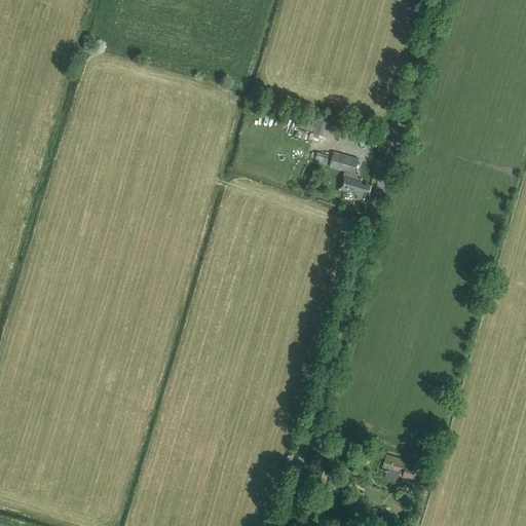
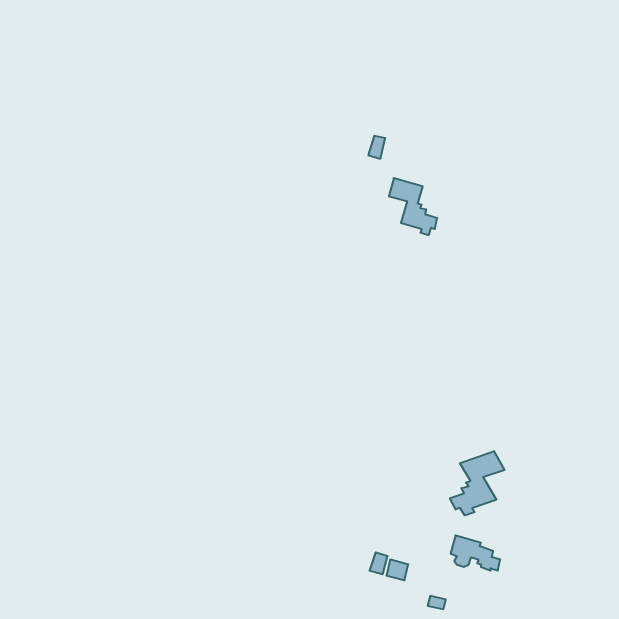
building: none -> [450,451,505,515]

